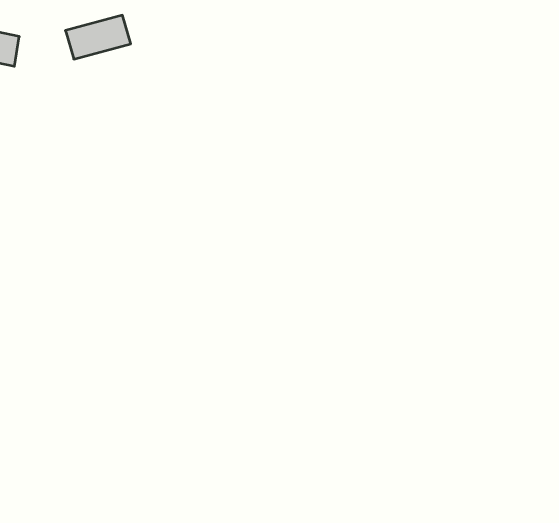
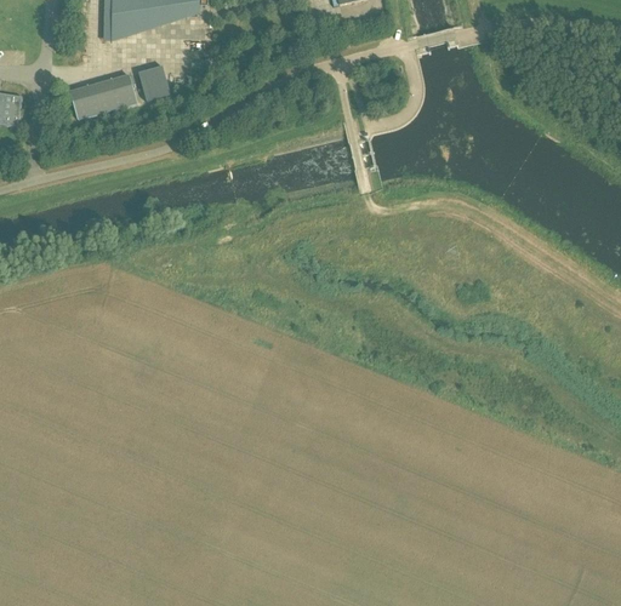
building: none -> [137,67,169,102]

